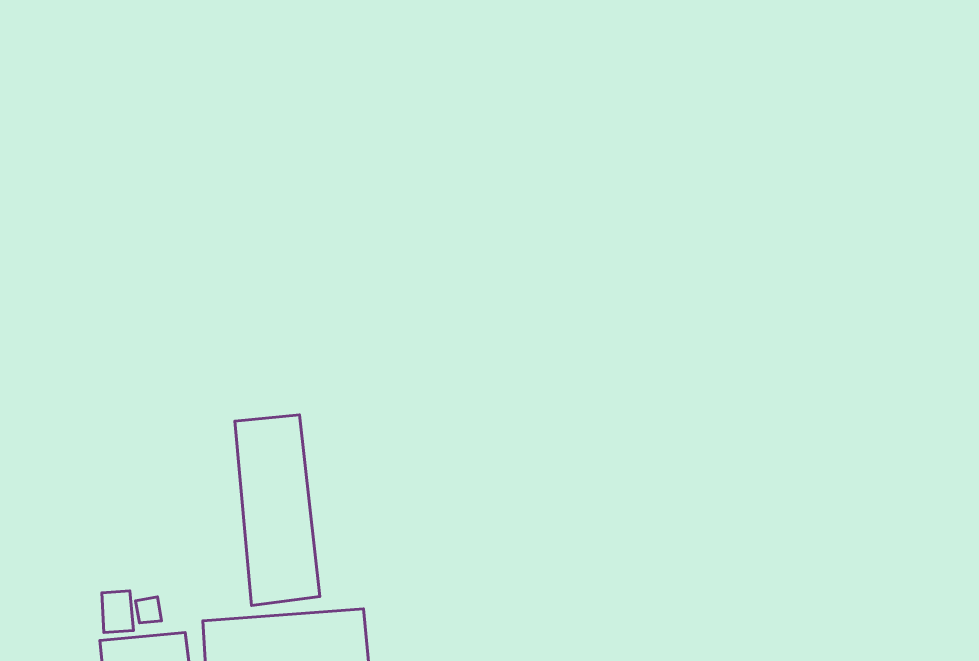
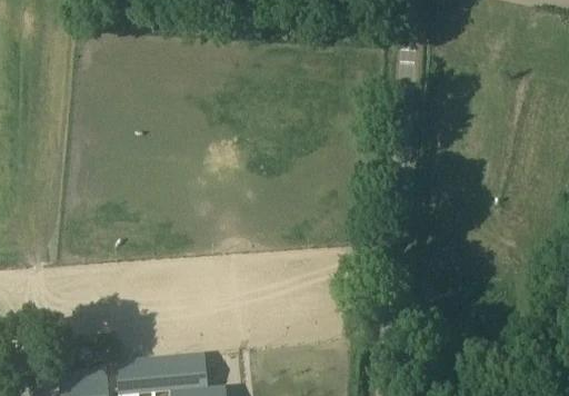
building: [235,415,320,606] -> none

